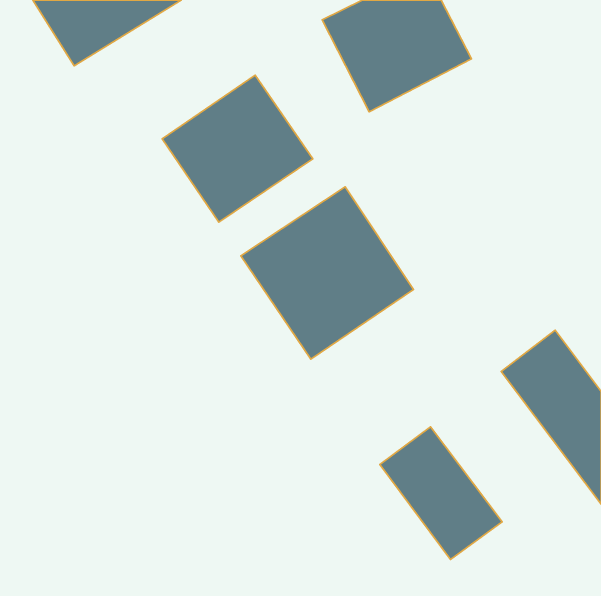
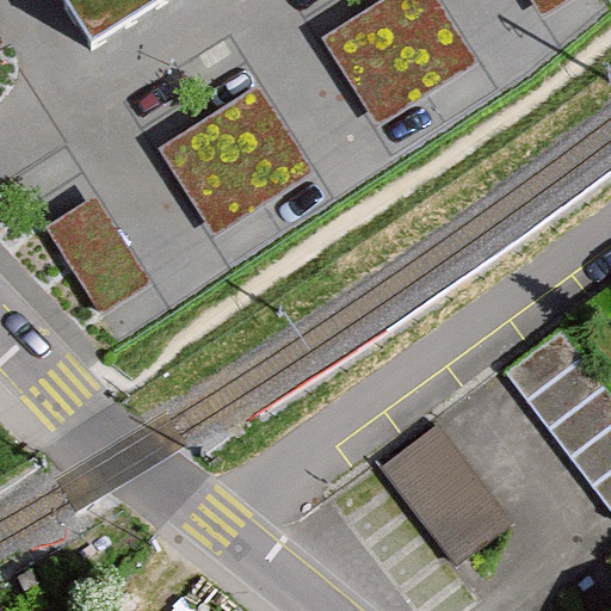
building: none -> [49,189,154,308]
building: [241,187,414,359] -> none

